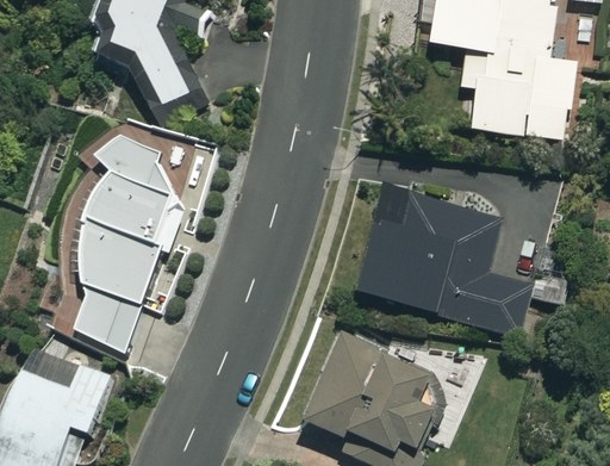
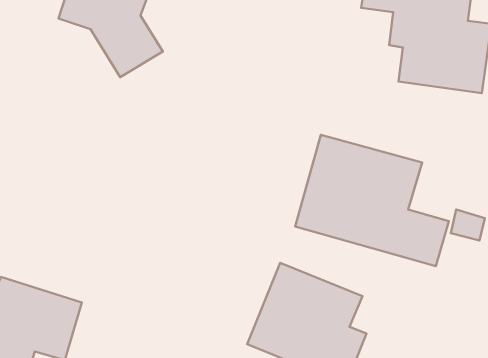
building: [71,138,186,349] -> none

